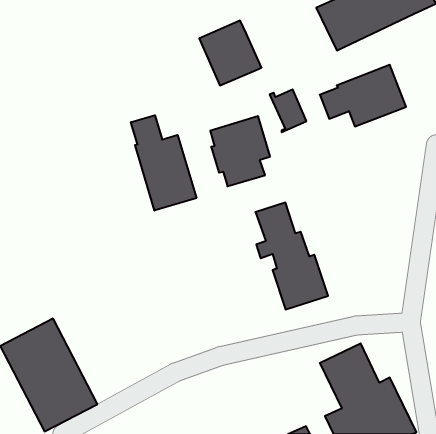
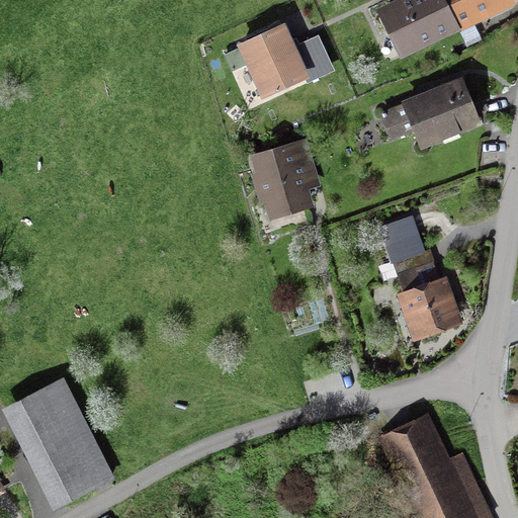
building: [270,89,306,132] -> [291,33,335,84]
building: [131,115,196,211] -> none
building: [255,203,328,309] -> [376,214,462,341]

